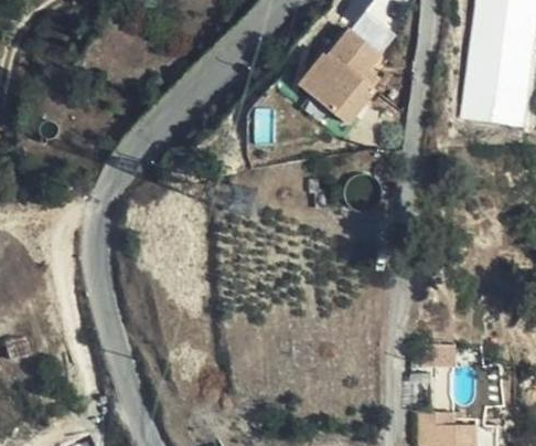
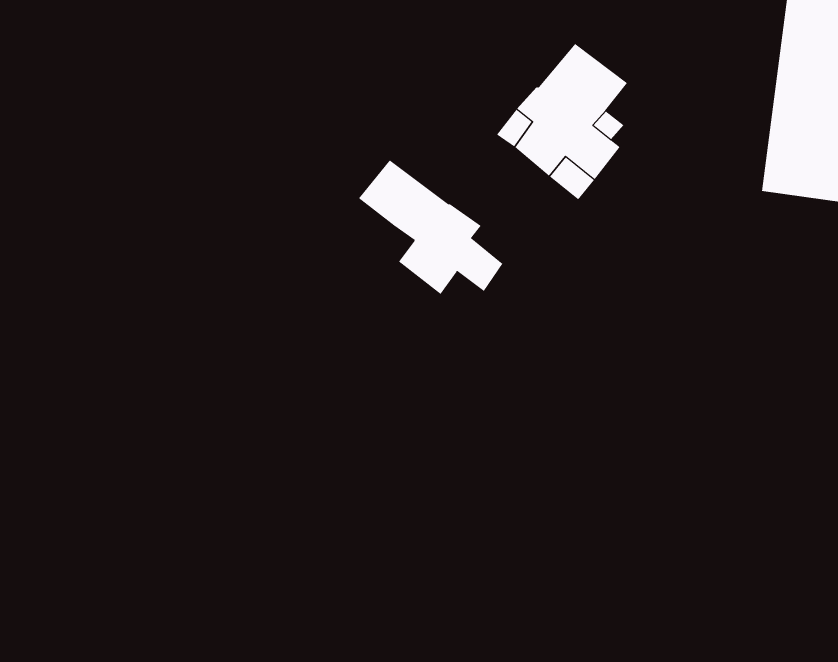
building: none -> [358,160,503,295]

